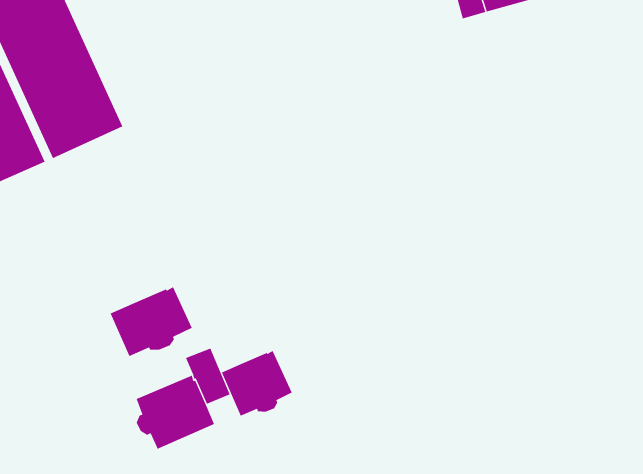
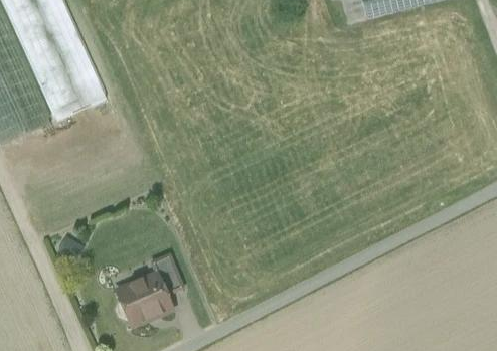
building: [110,286,193,357] -> none
building: [221,350,292,417] -> none

